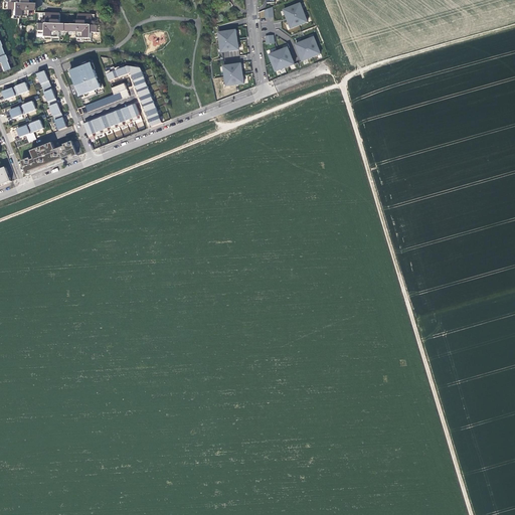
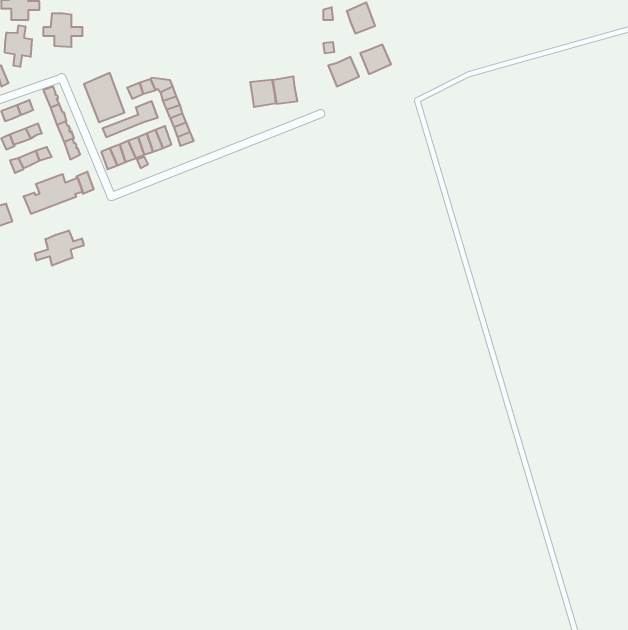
building: [67,12,99,39] -> none
building: none -> [5,25,32,67]
building: [216,29,237,51] -> [250,80,276,107]
building: none -> [35,230,84,266]

